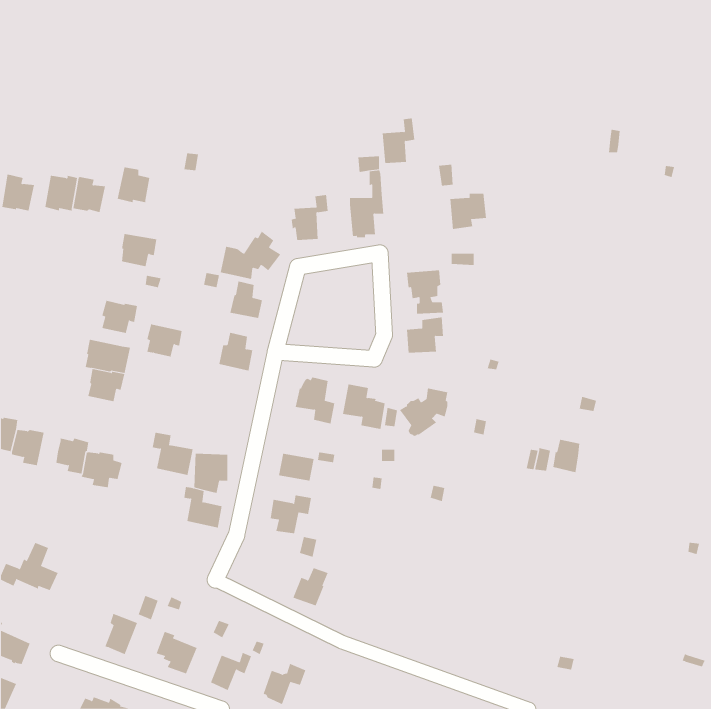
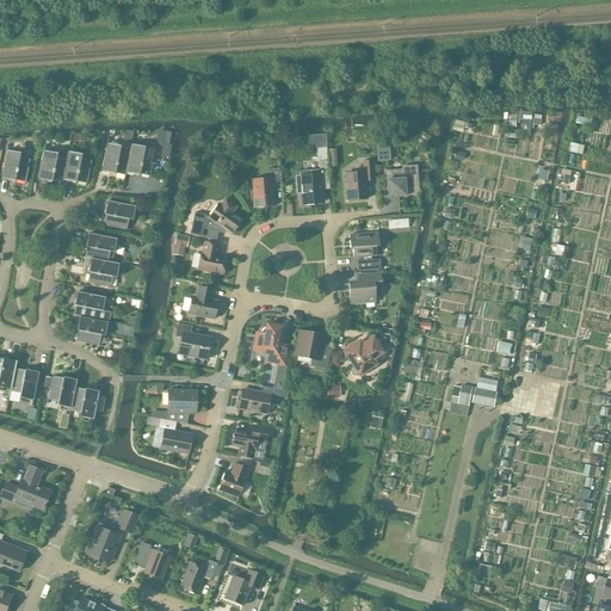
building: [382,118,415,164] -> [345,160,374,199]
building: none -> [125,143,154,175]
building: [146,324,183,357] -> [85,233,116,261]
building: [152,432,194,475] -> [174,322,210,359]
building: [292,567,329,606] -> [217,463,248,496]

